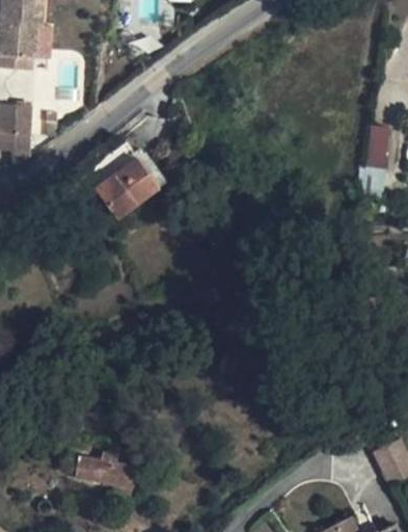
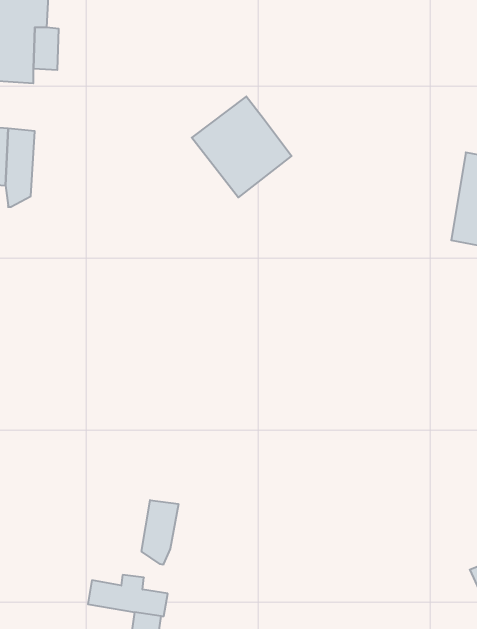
building: [81,139,159,218] -> [192,96,292,197]
building: none -> [142,500,178,565]

